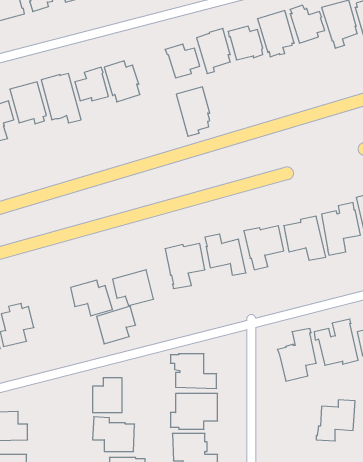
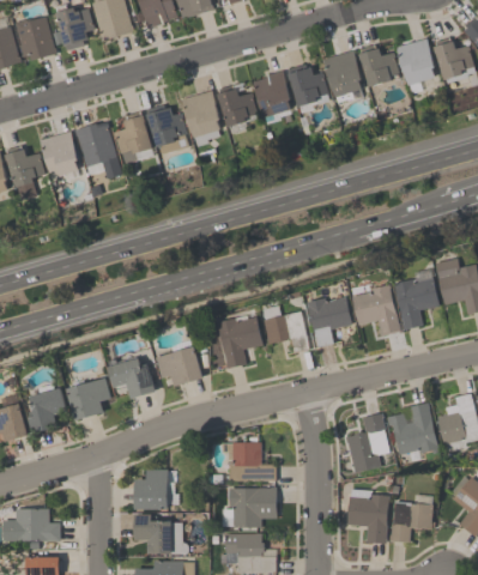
building: [176,87,210,136] -> [182,91,220,147]
building: [97,306,136,344] -> [67,377,111,420]
building: none -> [347,490,389,543]

